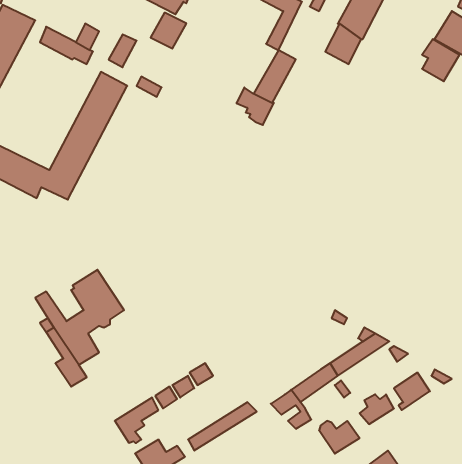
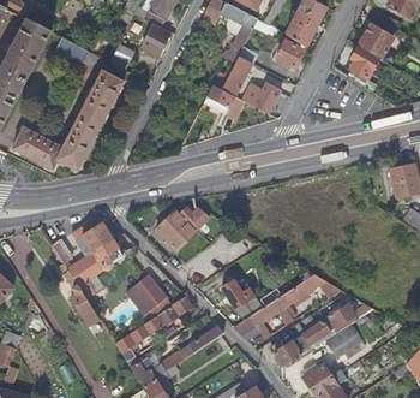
building: none -> [240,81,280,113]
building: none -> [155,207,212,251]
building: none -> [128,275,166,315]
building: none -> [222,281,271,321]
building: none -> [326,326,362,357]

